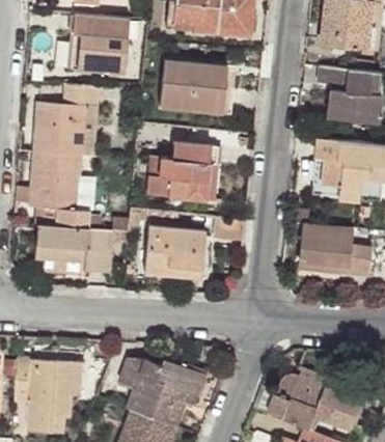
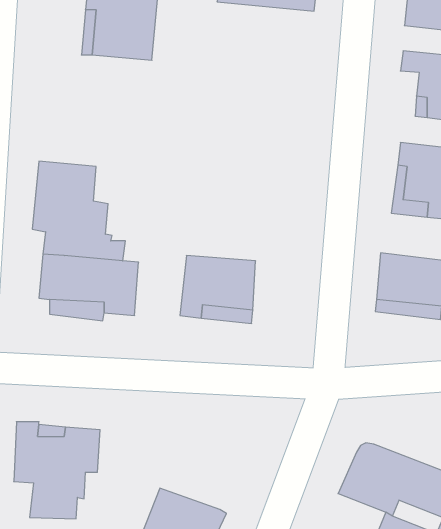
building: [161,59,227,113] -> none
building: [35,83,99,156] -> none
building: [146,141,218,199] -> none
building: [118,356,205,423] -> none

